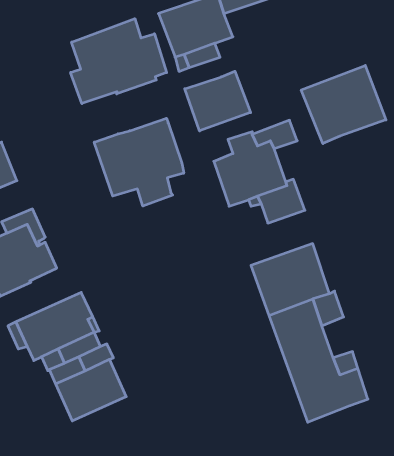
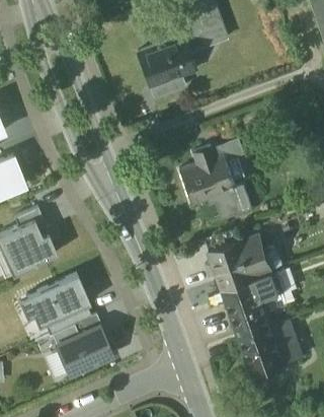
building: [71,19,167,104] -> none
building: [301,65,386,144] -> none
building: [185,71,251,131] -> none
building: [94,118,184,206] -> none

